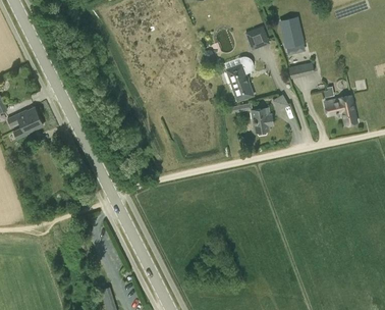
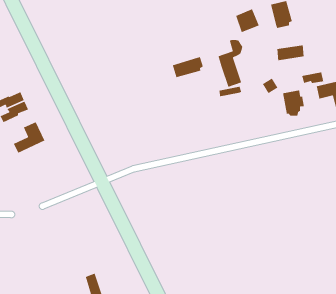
building: none -> [172,56,204,78]
building: [251,108,273,135] -> [282,90,305,117]
building: none -> [13,121,45,154]

